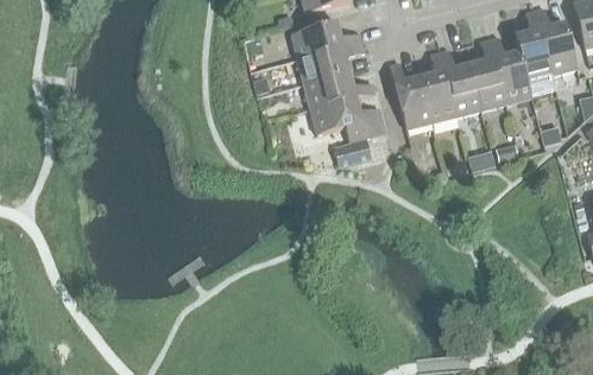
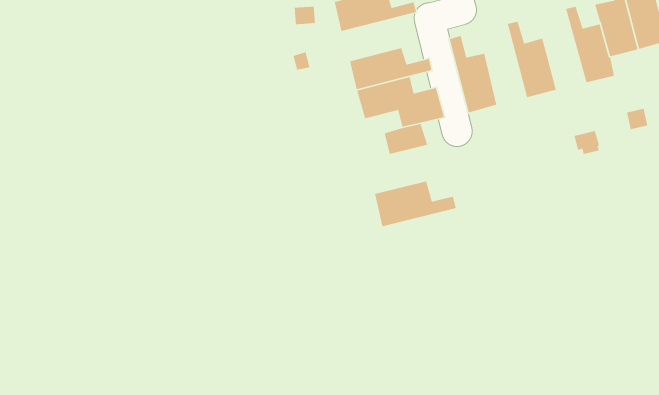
building: [471,39,507,109] -> none
building: [297,43,365,84] -> none
building: [421,52,456,122] -> none
building: none -> [374,181,457,227]

